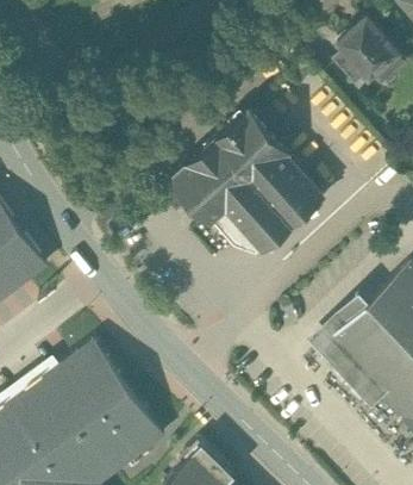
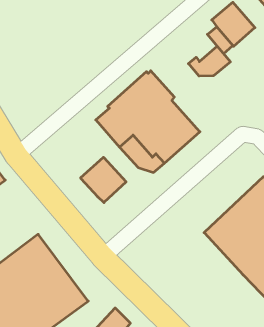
building: none -> [188,46,230,76]
building: none -> [81,157,126,203]
building: [309,290,382,406] -> none

